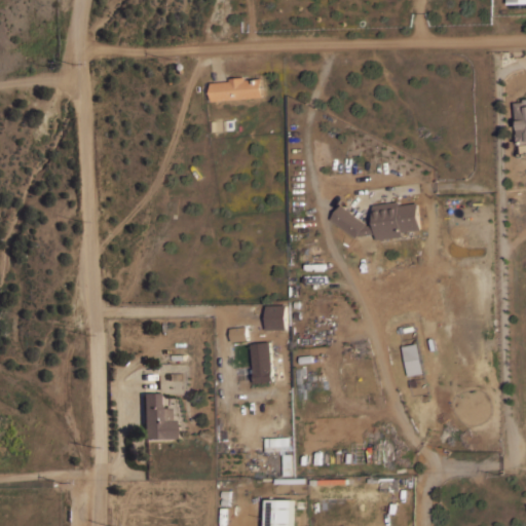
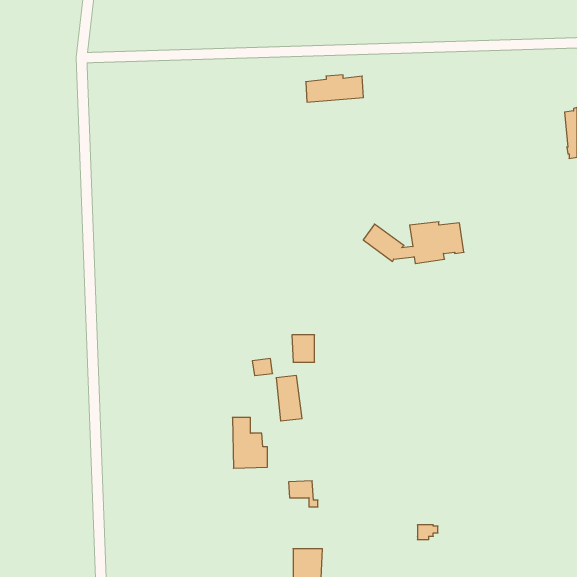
building: [211,77,263,102] -> [306,75,363,102]
building: [400,344,419,376] -> none
building: [142,393,174,440] -> [232,417,267,468]

